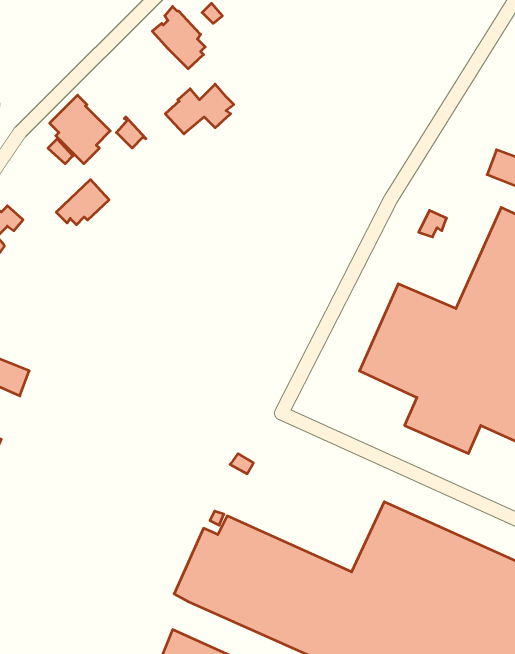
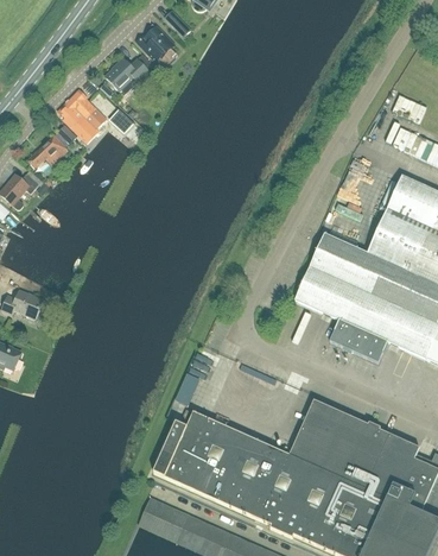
building: [165,84,234,134] -> [104,52,157,90]
building: [56,180,109,225] -> [27,134,68,169]

